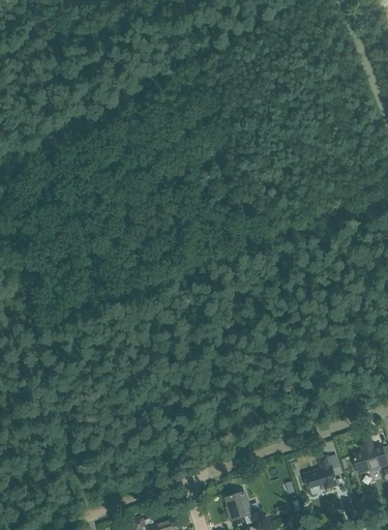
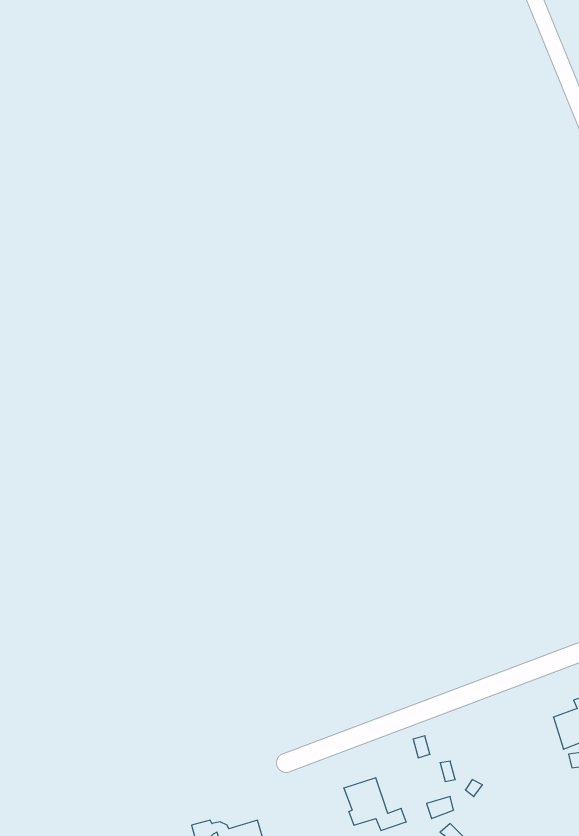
building: [305,457,337,490] -> none

